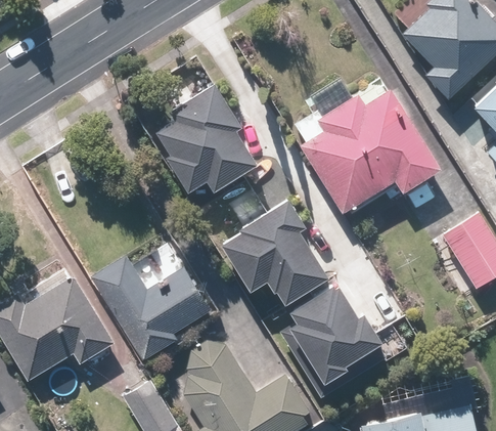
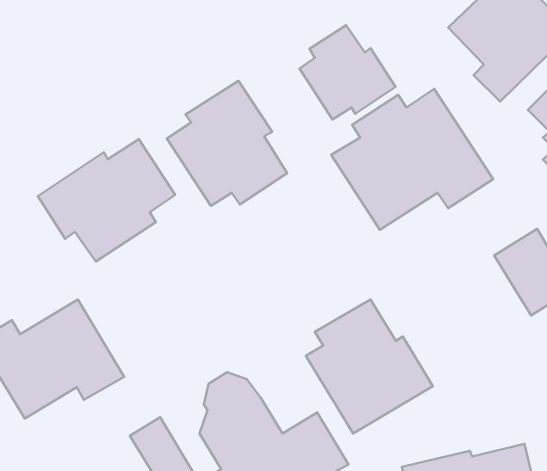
building: none -> [299,25,395,120]
building: none -> [38,139,175,262]
building: [217,190,328,302] -> none
building: [91,255,213,362] -> none

